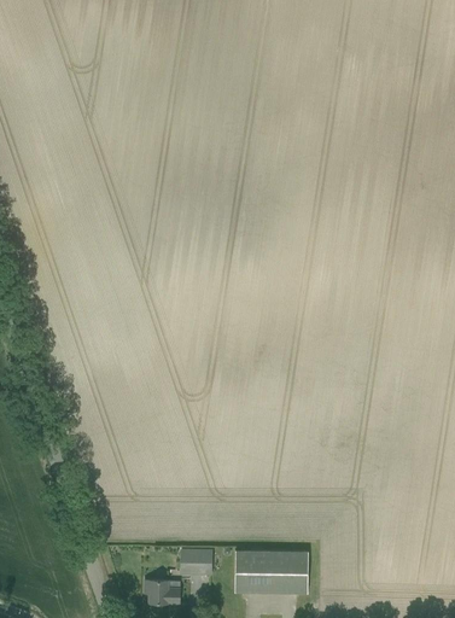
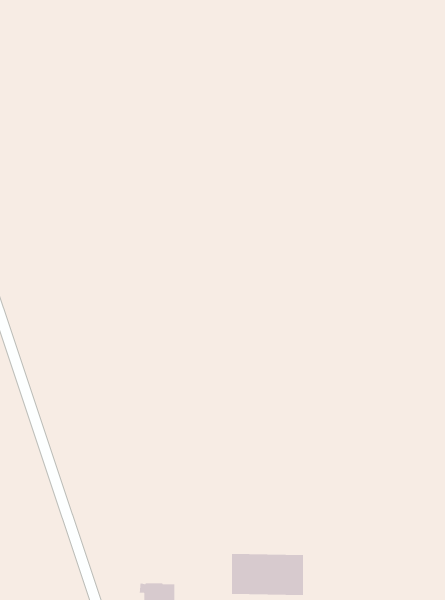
building: [180,550,210,575] -> none

